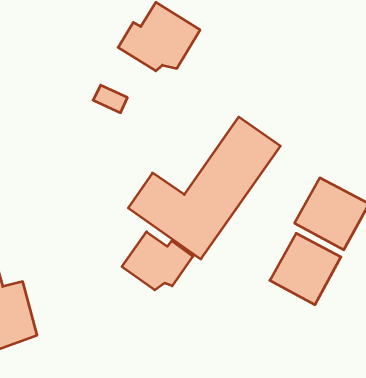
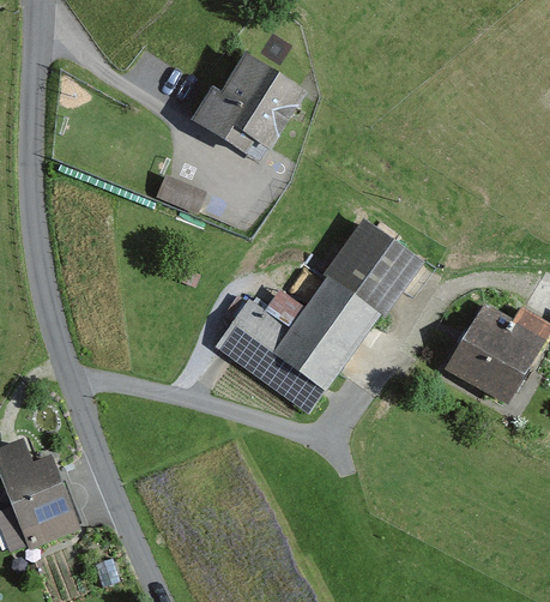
building: [122,232,193,290] -> none
building: [270,233,341,305] -> none

